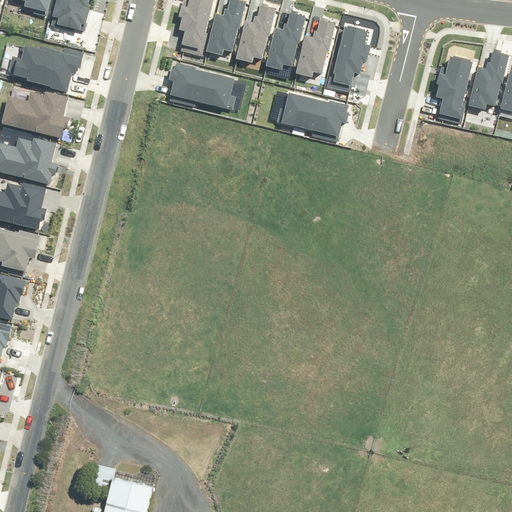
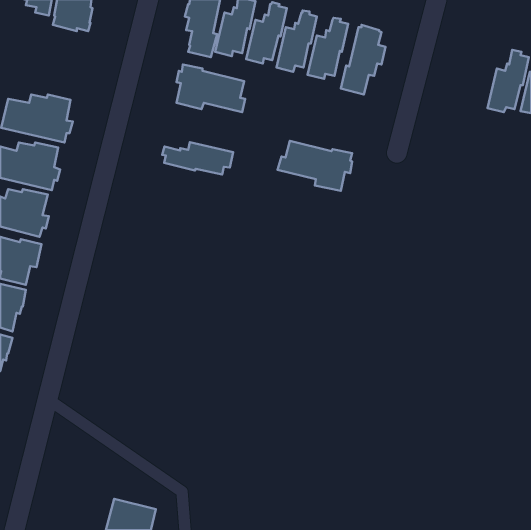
building: [9,44,85,91] -> none
building: [436,55,473,122] -> none
building: [277,92,349,140] -> [277,141,352,191]
building: none -> [162,142,233,174]

